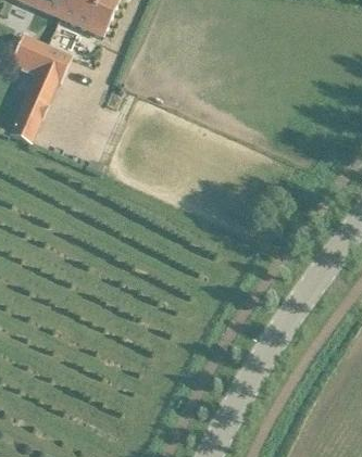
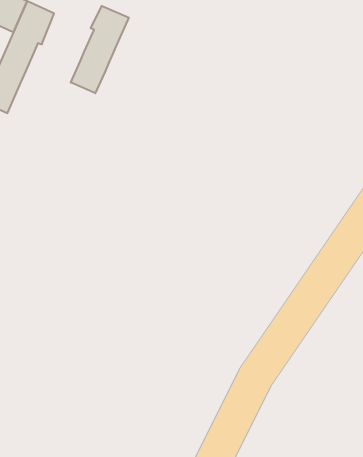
building: none -> [71,6,129,93]

